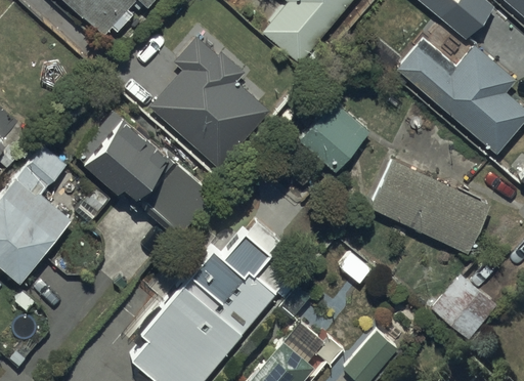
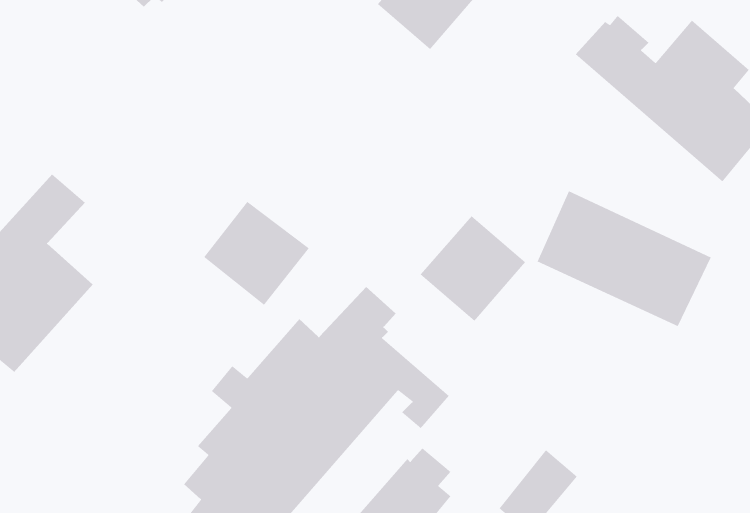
building: [150,38,270,170] -> none
building: [299,101,370,173] -> [420,215,526,322]
building: [77,114,168,194] -> none
building: [430,274,497,341] -> none

